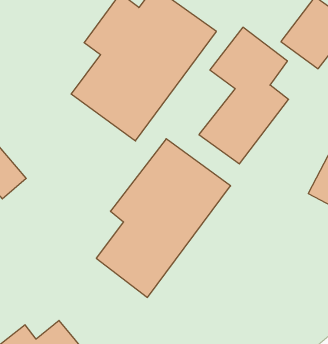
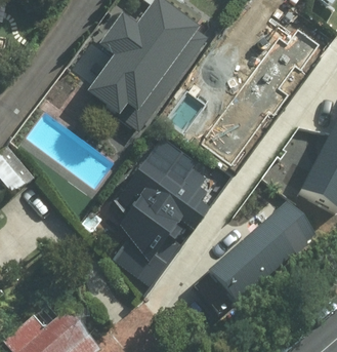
building: none -> [200,204,312,307]

